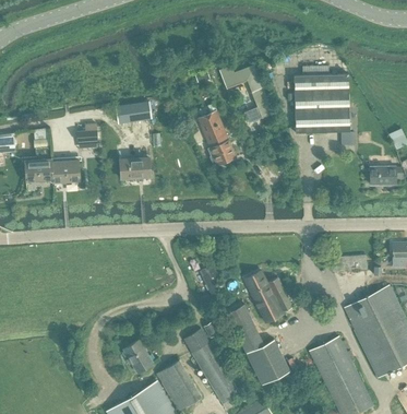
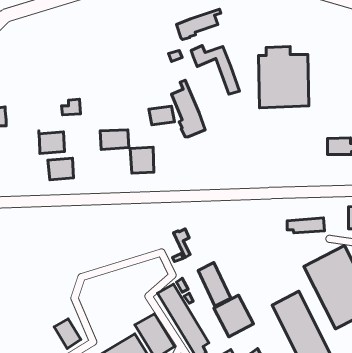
building: none -> [176,9,221,40]
building: [116,103,144,123] -> [149,106,175,125]
building: [24,158,52,182] -> [48,158,73,180]
building: none -> [130,147,154,173]
building: [243,270,292,322] -> none
building: [123,340,153,372] -> [54,319,81,349]

